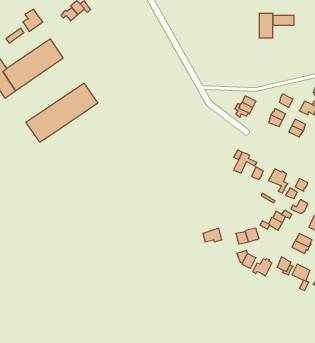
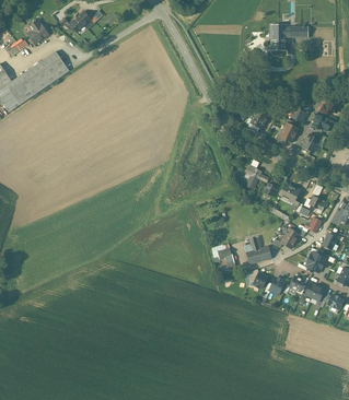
building: [26,83,98,142] -> none

